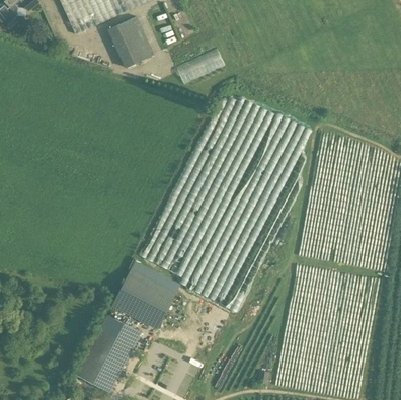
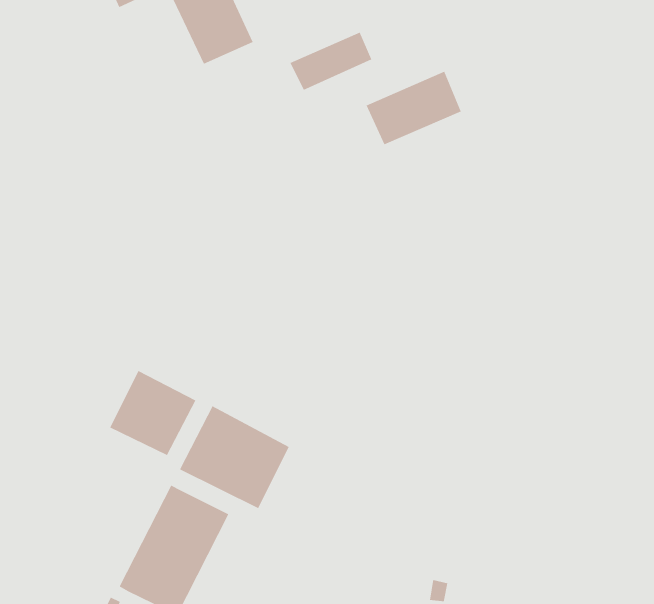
building: none -> [366,71,461,145]
building: none -> [109,370,196,456]

